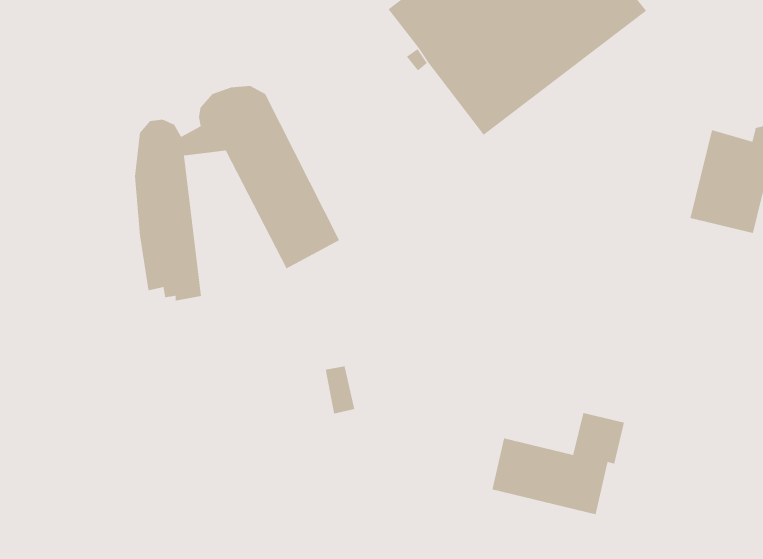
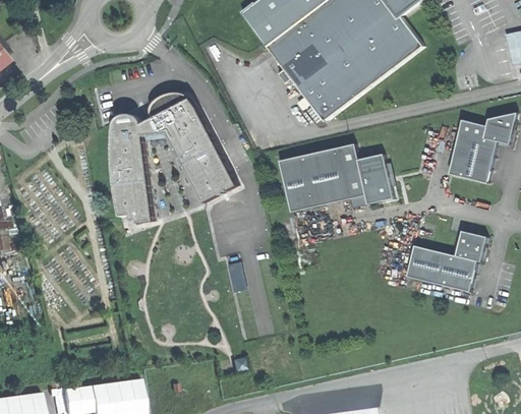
building: none -> [277,143,392,212]
building: [492,412,625,515] -> [405,229,485,291]

